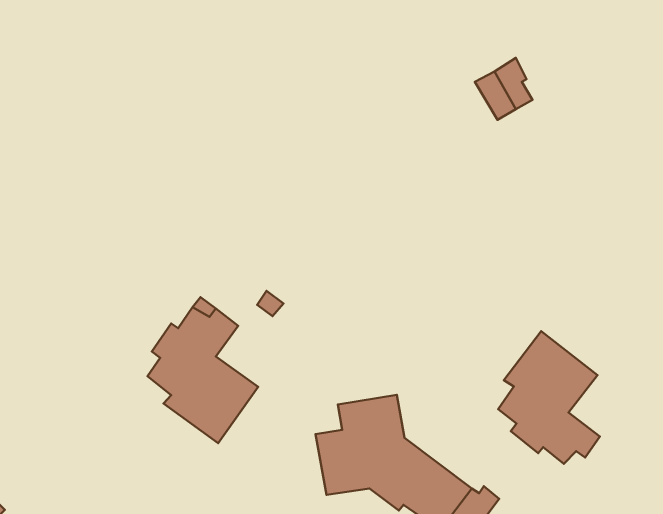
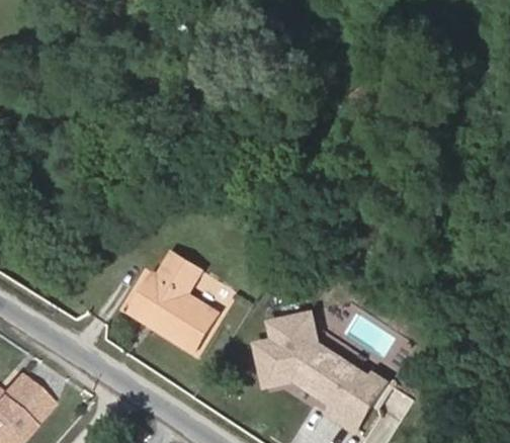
building: [498,331,600,464] -> none

